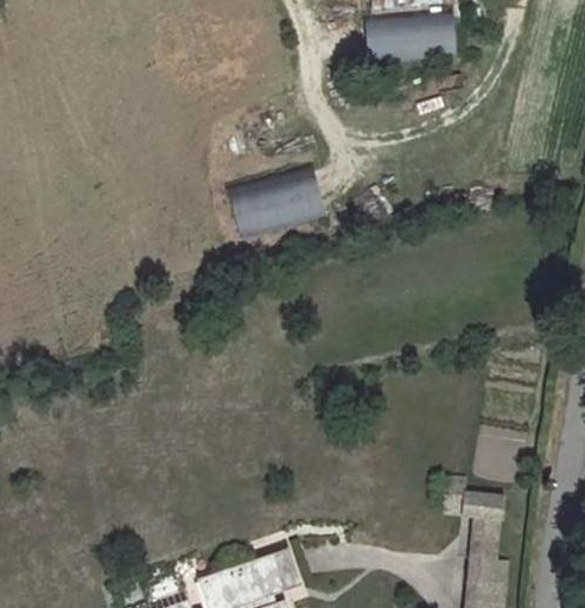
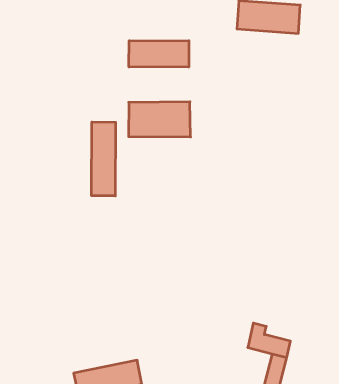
building: none -> [129,41,189,67]
building: none -> [92,122,116,196]

